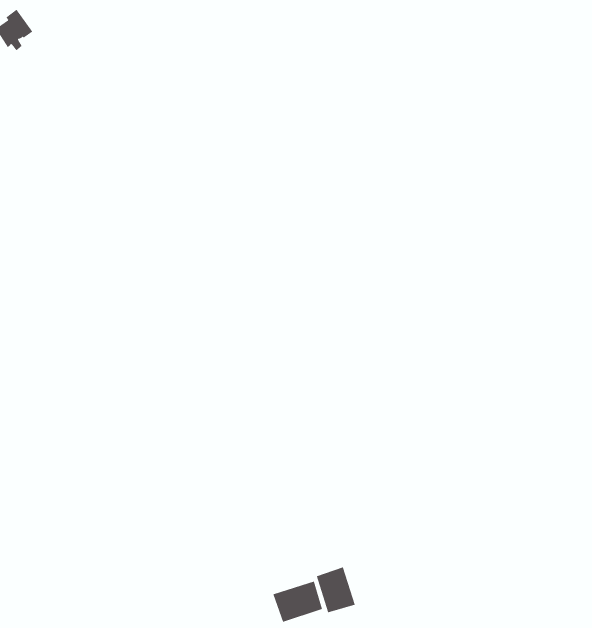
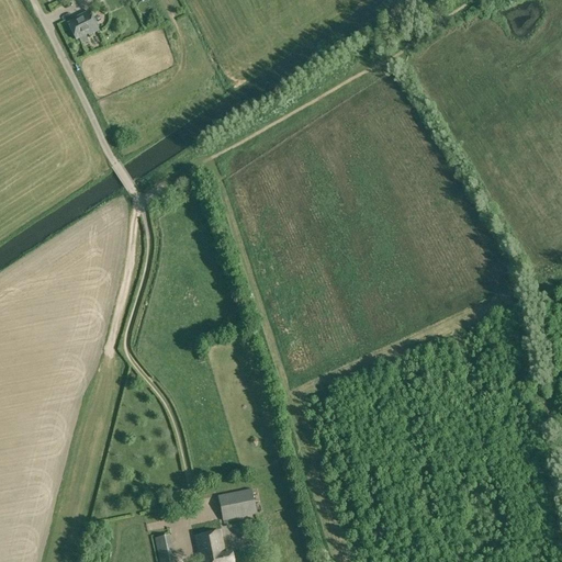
building: [316,567,356,613] -> none

